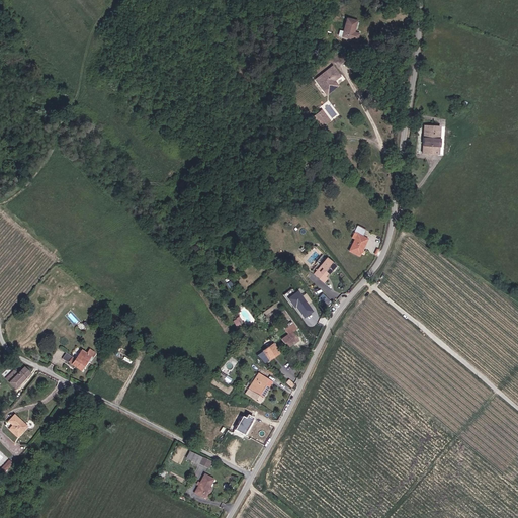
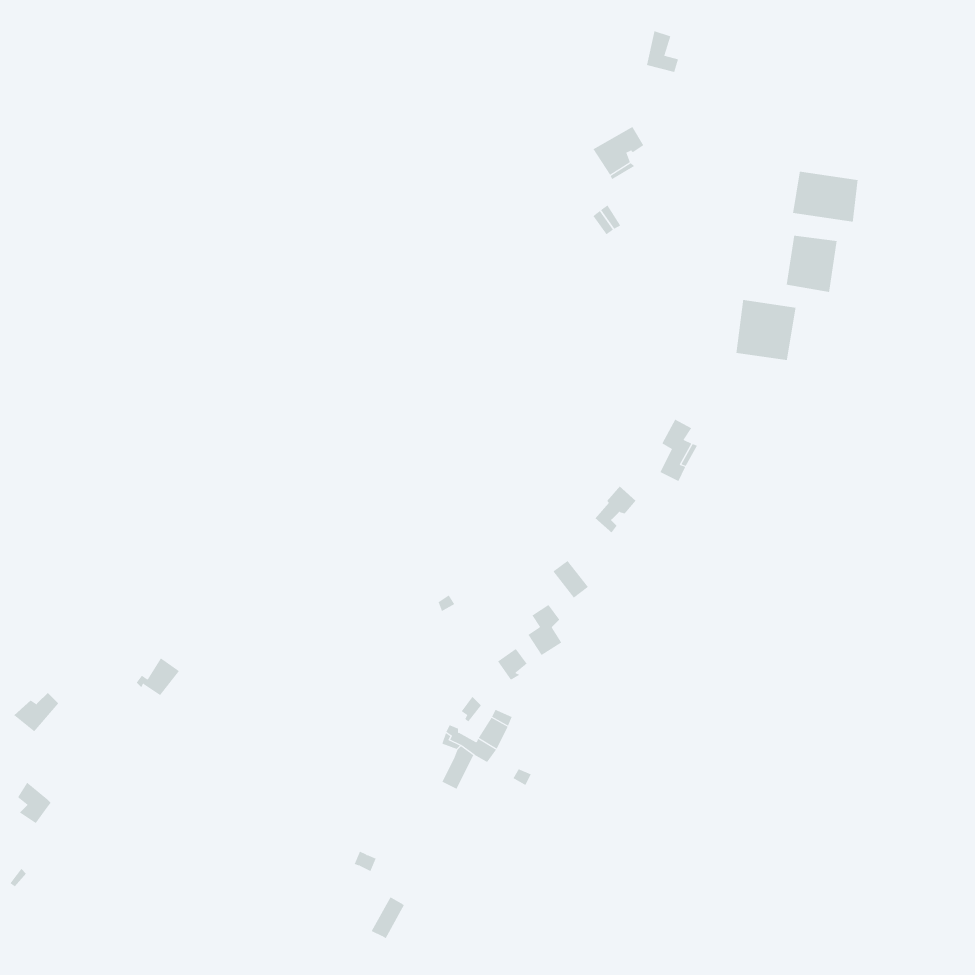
building: none -> [792,171,858,223]
building: none -> [736,299,796,361]

